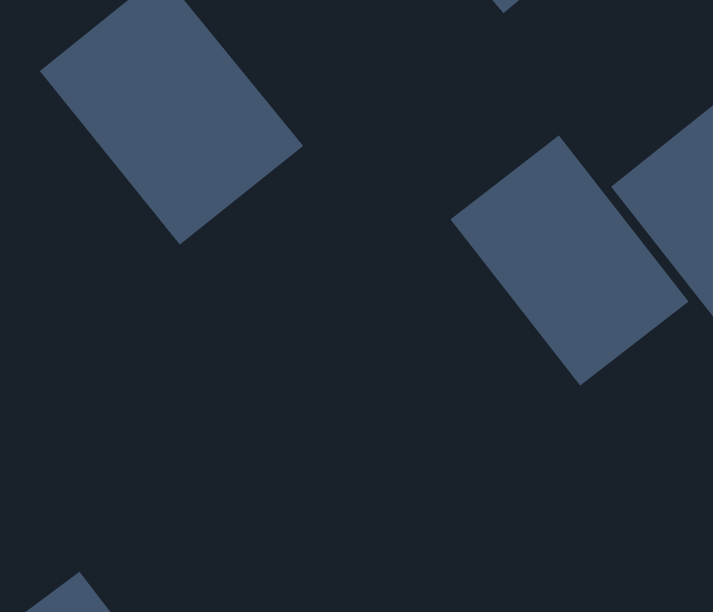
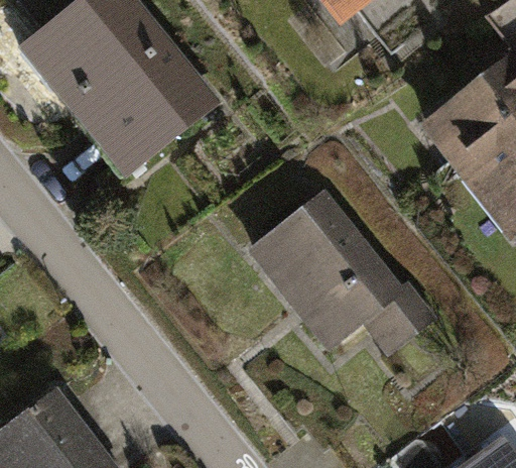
building: [449,135,690,387] -> [254,195,419,368]

